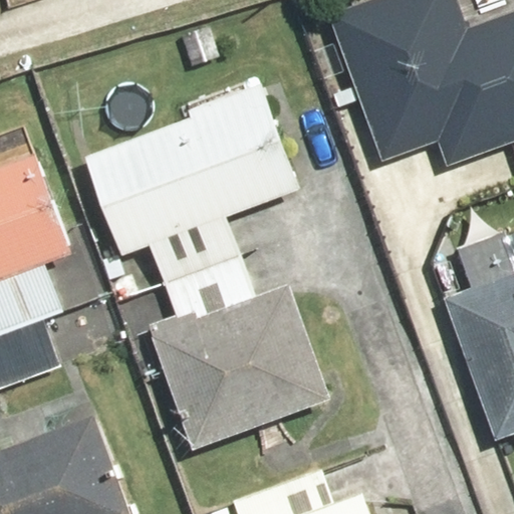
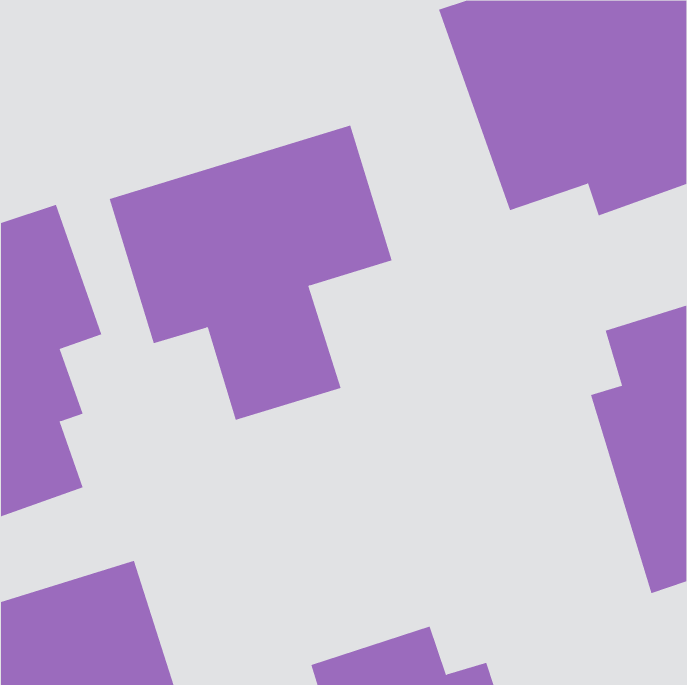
building: [149,282,325,450] -> none

